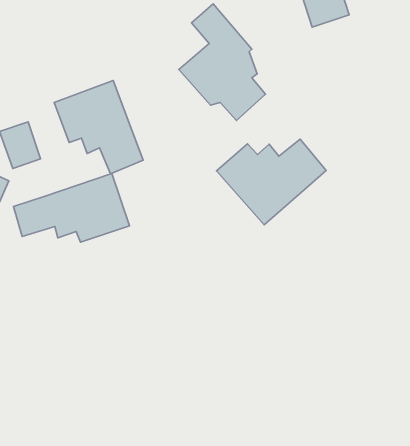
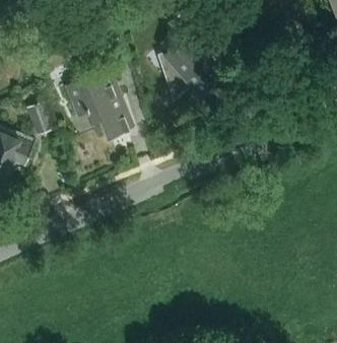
building: [216,139,326,225] -> none
building: [14,174,130,242] -> none

